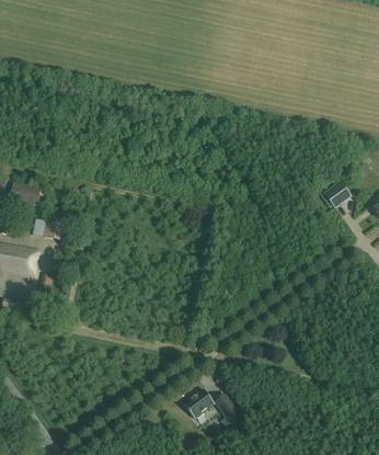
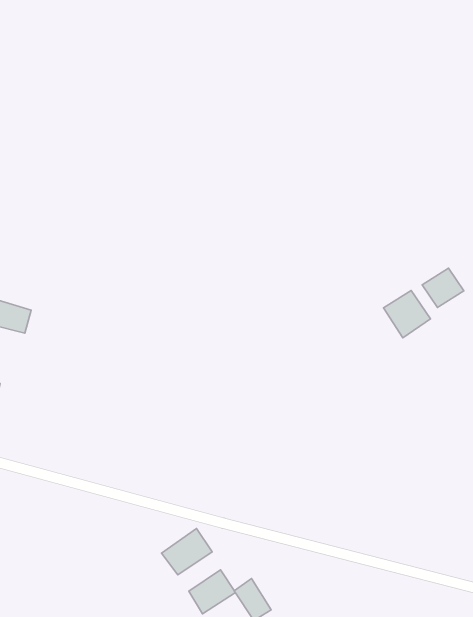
building: none -> [384,291,431,338]
building: none -> [162,529,212,575]

